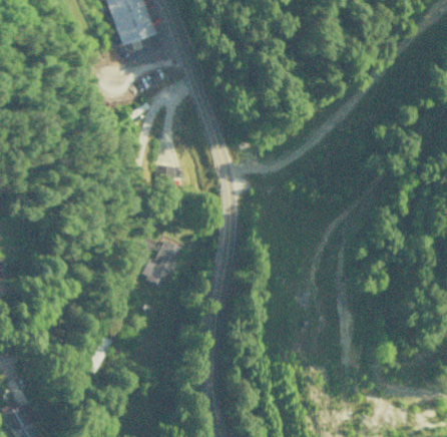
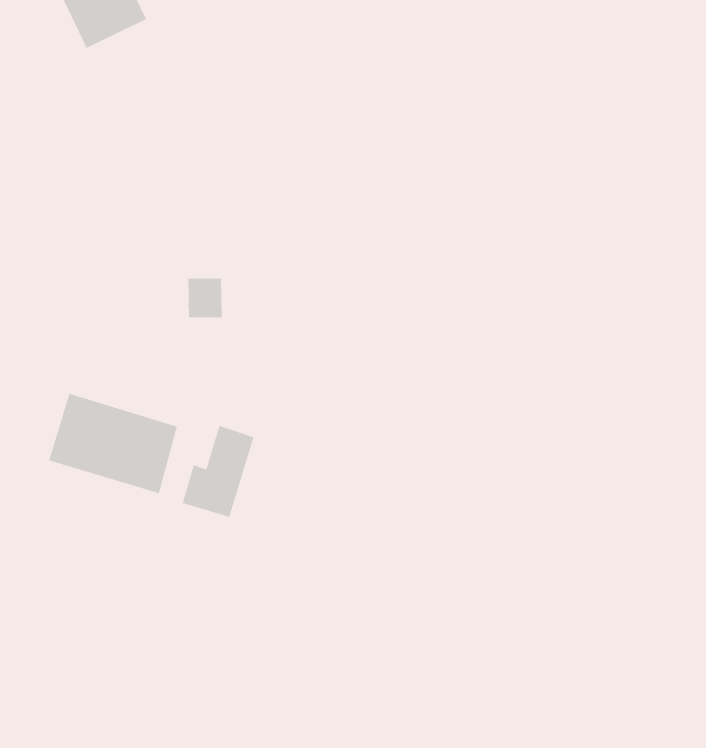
building: none -> [48,393,178,494]

